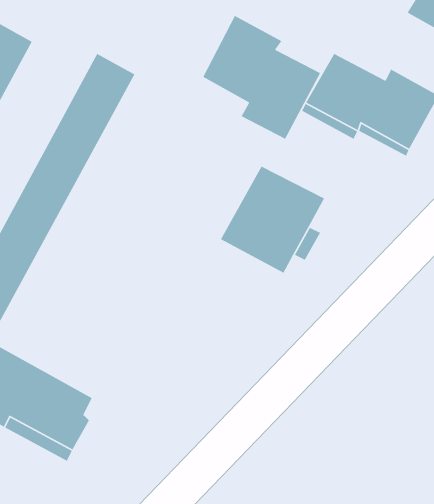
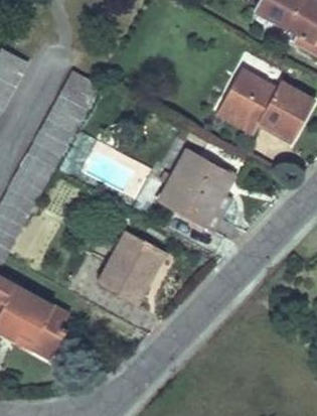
building: [202,15,321,140] -> none
building: none -> [98,232,165,304]

